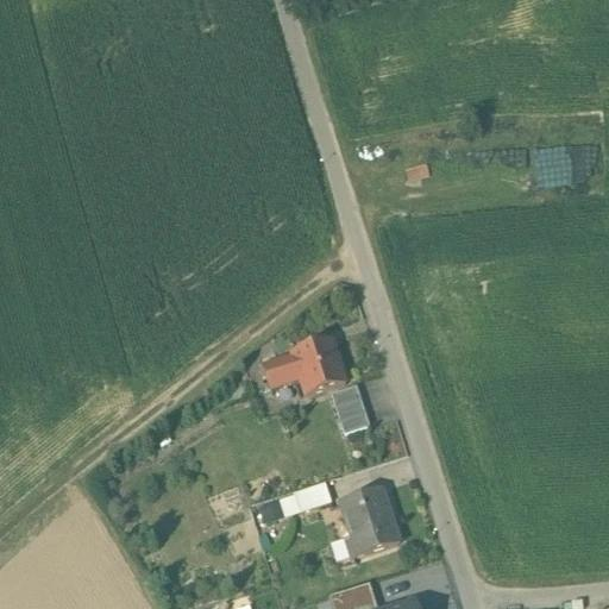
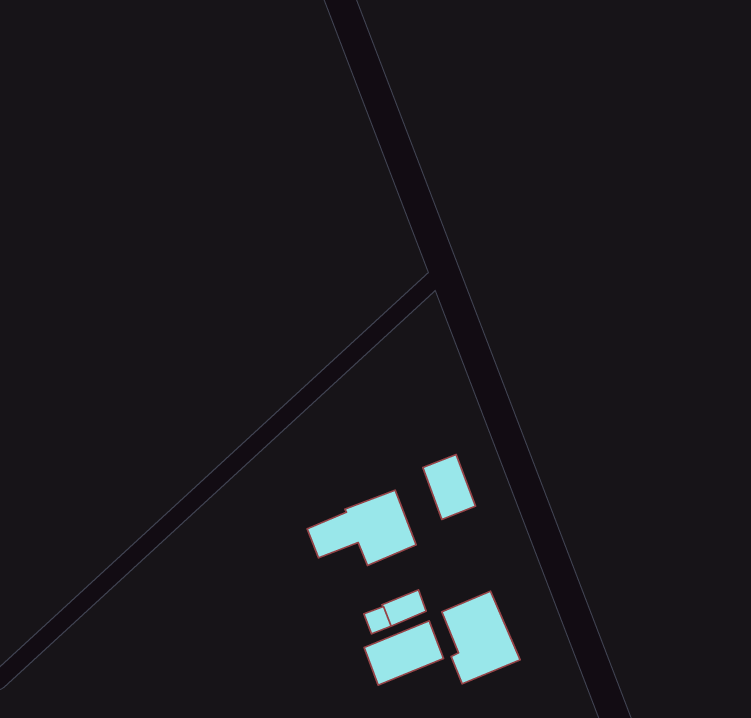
building: [263,338,345,394] -> [307,490,416,565]
building: none -> [364,621,444,685]

